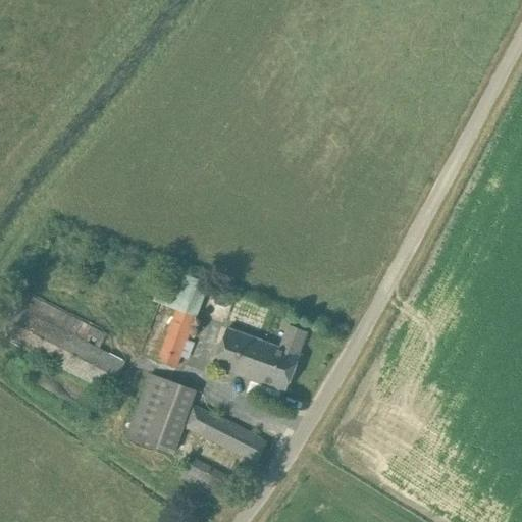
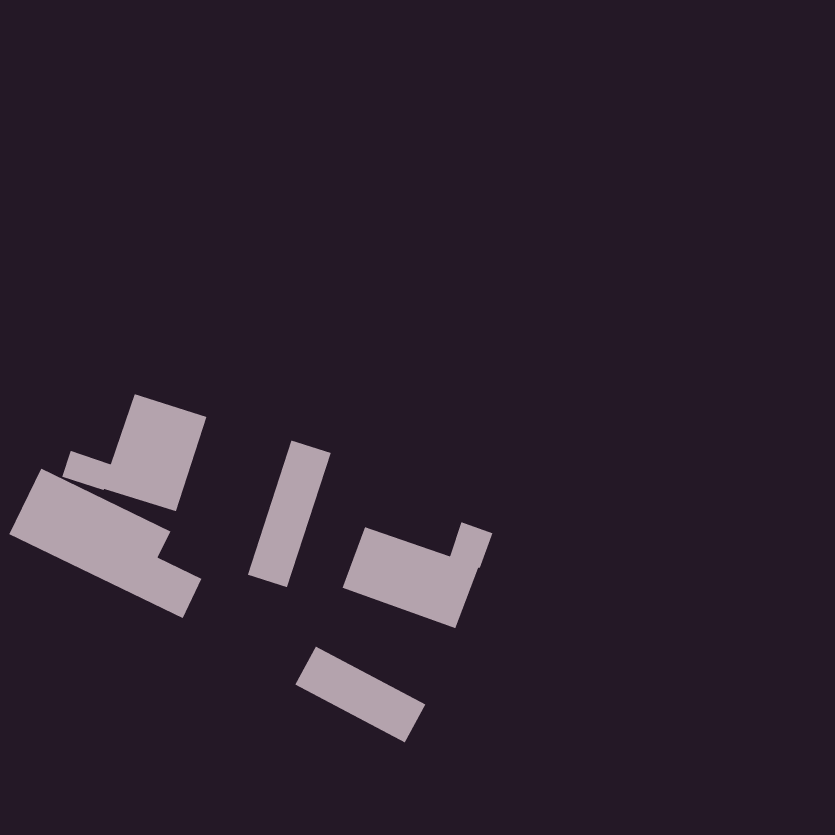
building: none -> [61,393,208,512]
building: [126,373,196,454] -> none

